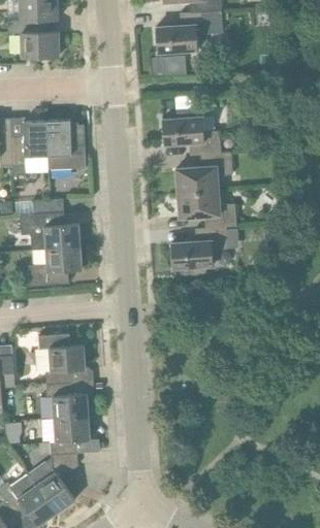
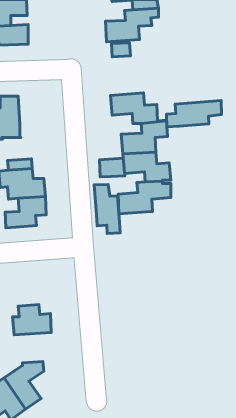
building: [45,120,85,170] -> none
building: none -> [167,101,222,127]
building: none -> [99,158,125,177]
building: none -> [94,184,120,233]
building: [37,333,84,384] -> none
building: [40,417,89,455] -> none

